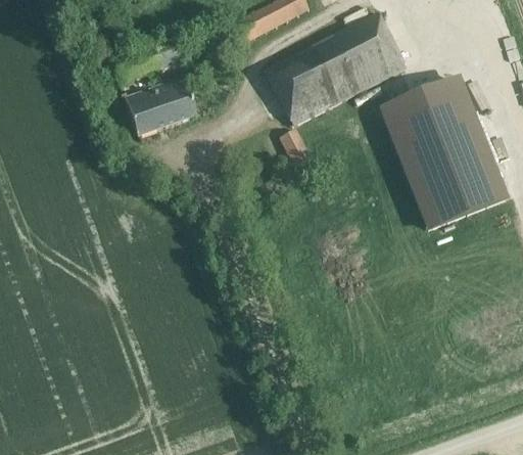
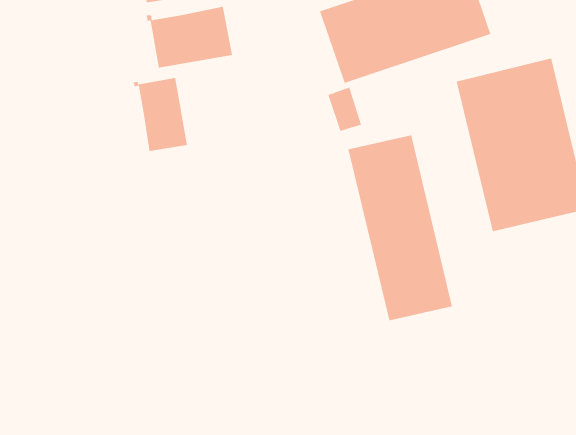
building: none -> [133,77,188,152]
building: none -> [348,134,453,321]

